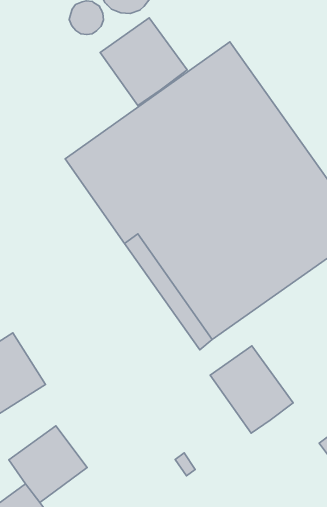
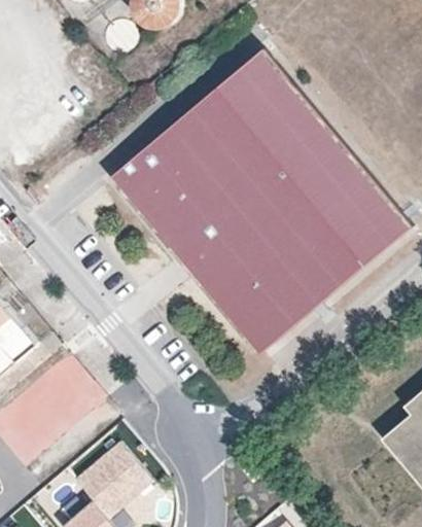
building: [100,18,187,105] -> none
building: [210,346,293,433] -> none

